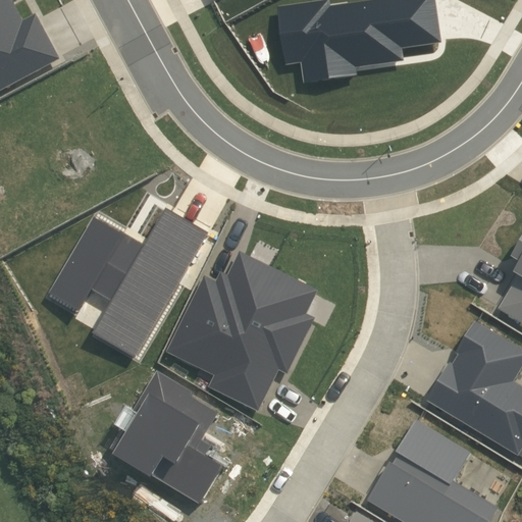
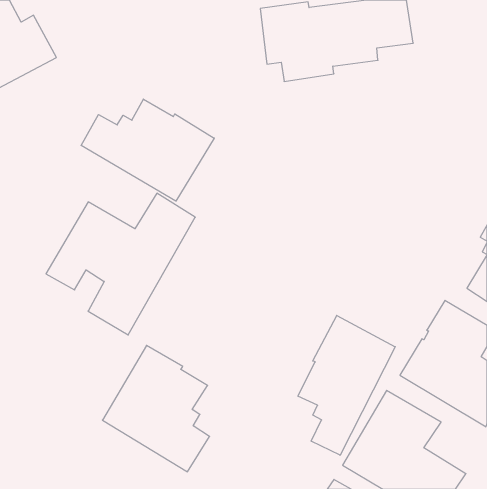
building: none -> [81,99,214,201]
building: [165,251,318,411] -> none
building: none -> [298,315,395,455]

